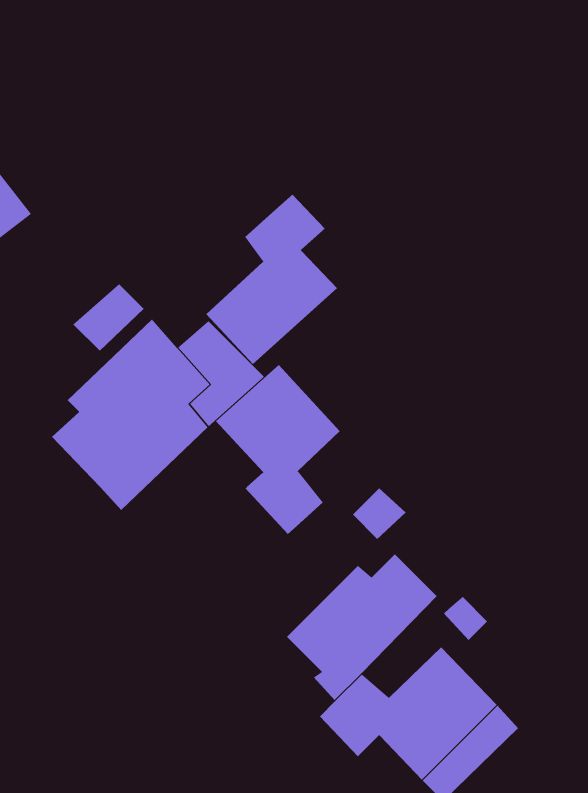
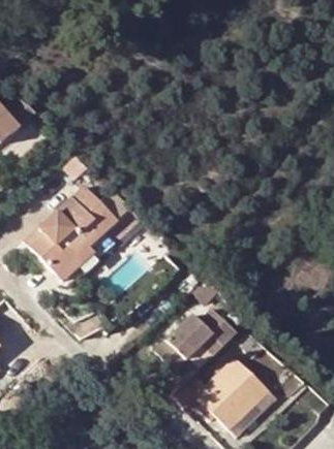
building: [205,194,338,365] -> none
building: [215,364,341,535] -> none

